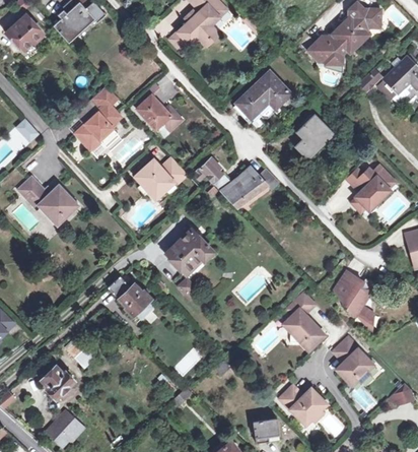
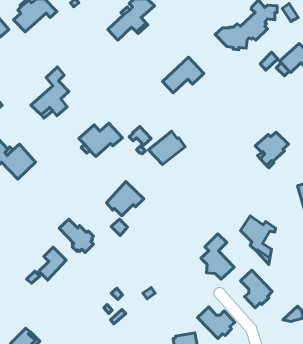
building: [137,82,183,130] -> none
building: [294,114,331,158] -> none
building: none -> [39,247,66,280]
building: [41,365,74,399] -> none

